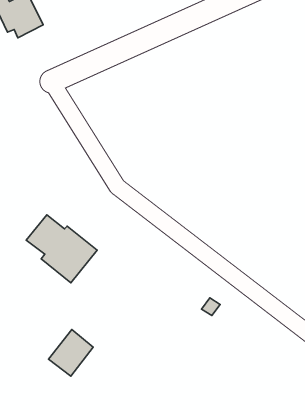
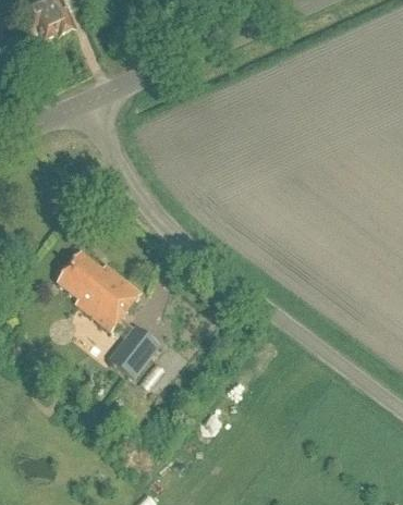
building: [48,329,93,376] -> [108,320,160,374]

